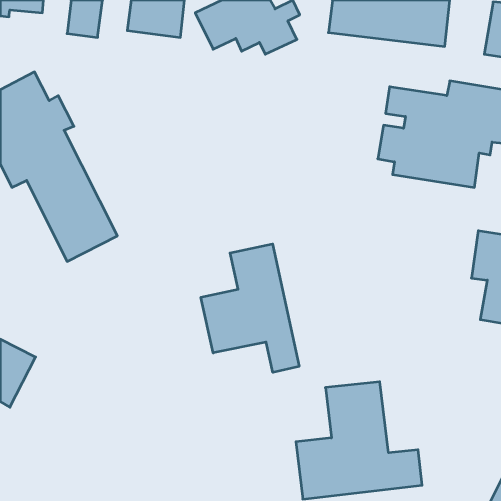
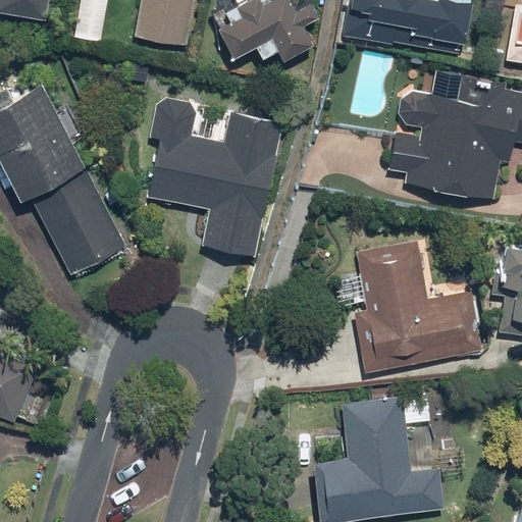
building: none -> [143,97,281,254]
building: none -> [352,242,483,373]
building: [201,244,299,372] -> none

